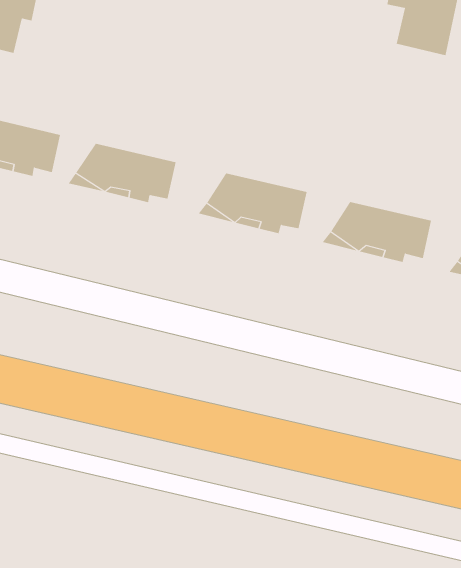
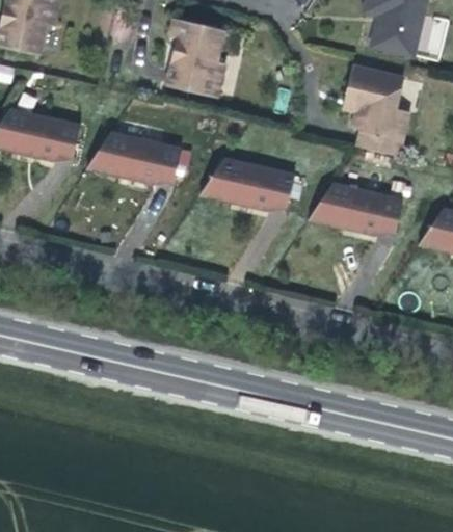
building: none -> [166,16,225,96]
building: none -> [342,63,409,154]

